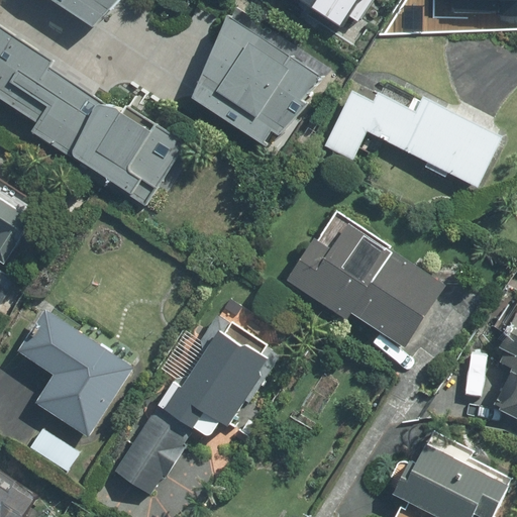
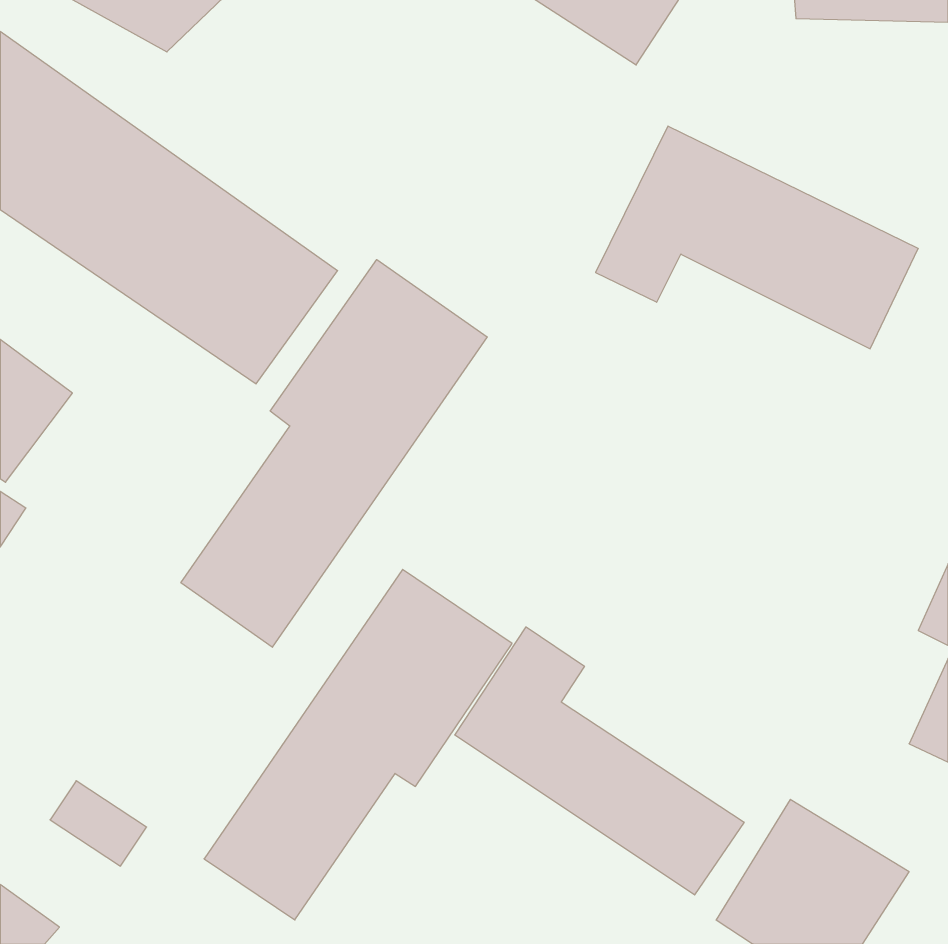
building: [185,27,322,161] -> none
building: none -> [181,260,487,647]
building: [289,194,453,345] -> none
building: [15,309,132,436] -> none
building: none -> [455,627,744,895]

